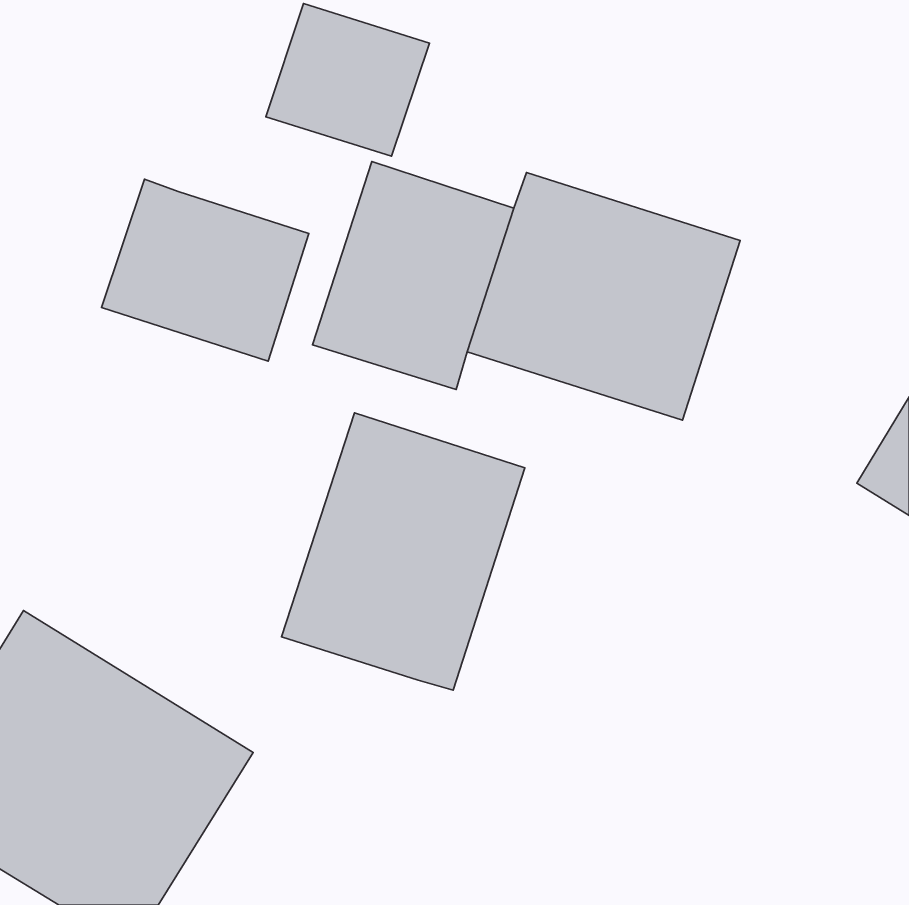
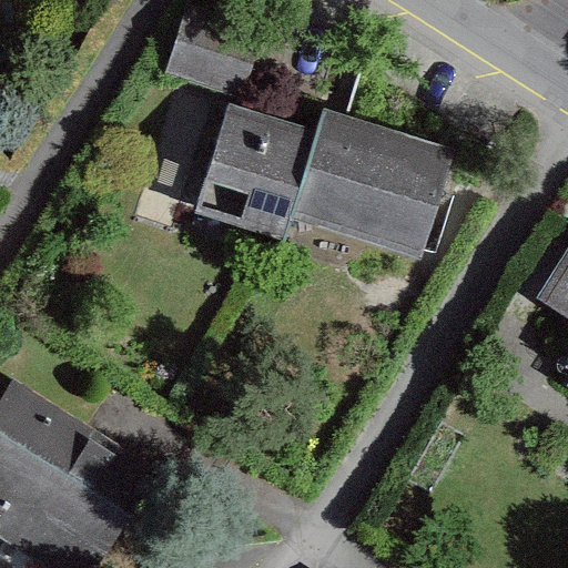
building: [101,179,309,361] -> none
building: [281,413,525,690] -> none

